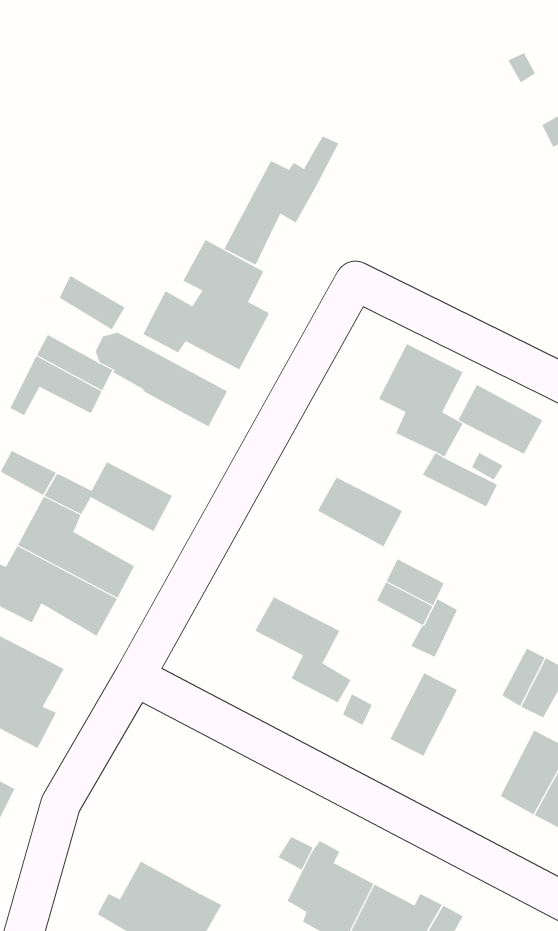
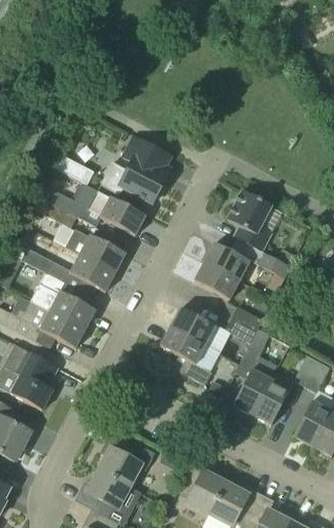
building: [224,135,339,266] -> none
building: [458,384,543,454] -> [205,242,252,280]
building: none -> [66,228,127,272]
building: none -> [171,307,218,345]
building: none -> [253,377,291,424]
building: none -> [99,433,156,488]

